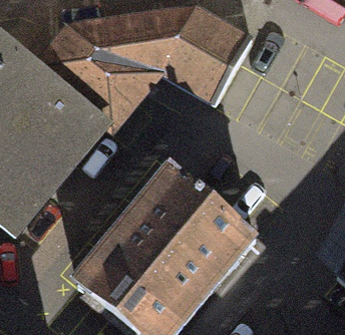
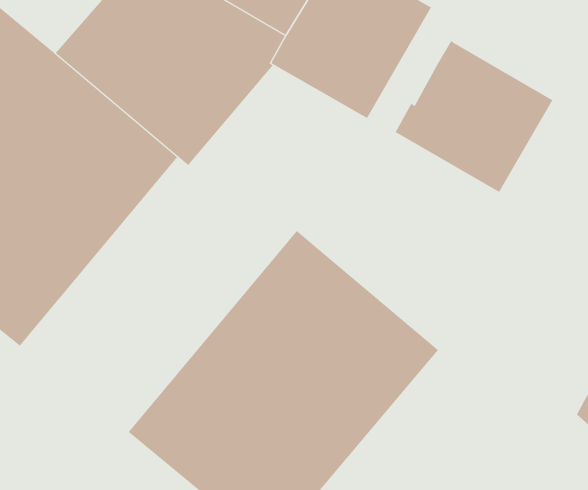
building: none -> [395,40,553,193]

